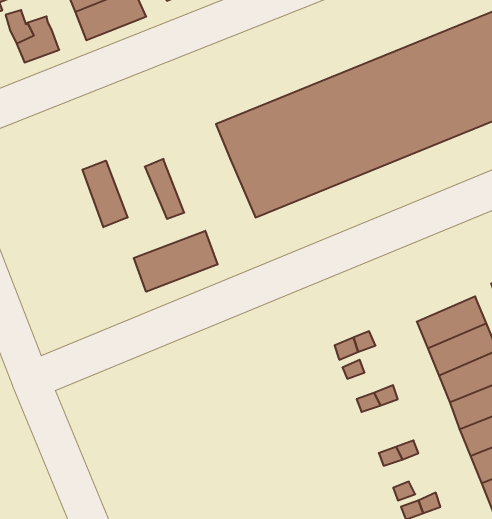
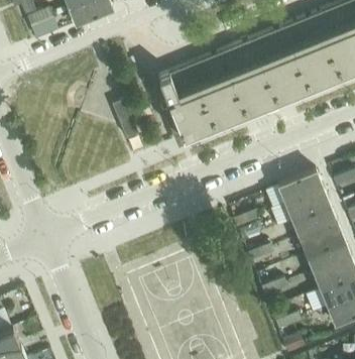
building: [83,161,128,227] -> none
building: [134,231,218,292] -> none
building: none -> [279,174,324,208]

